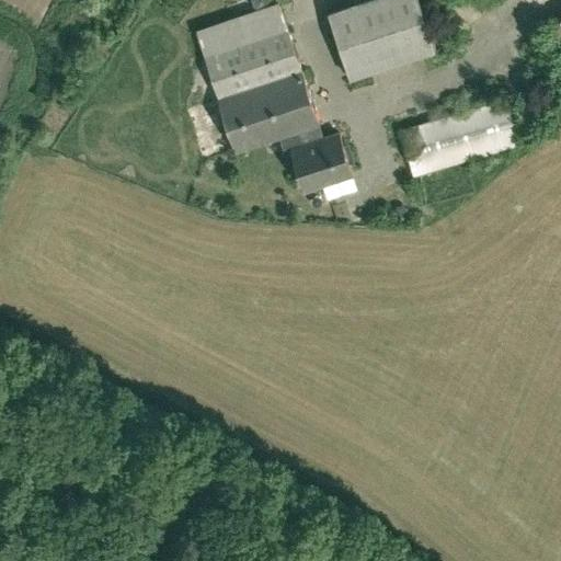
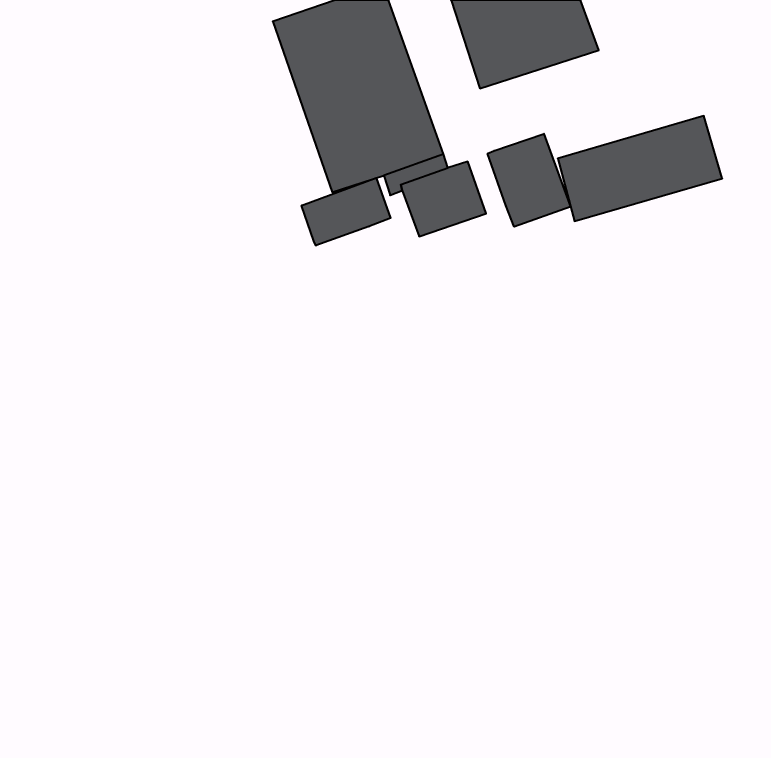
building: none -> [488,134,571,227]
building: none -> [302,178,391,246]

